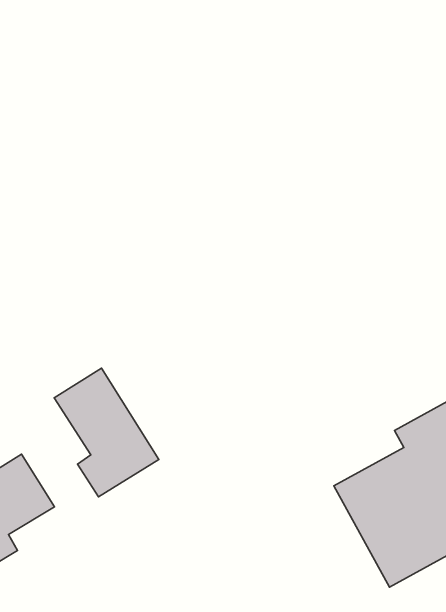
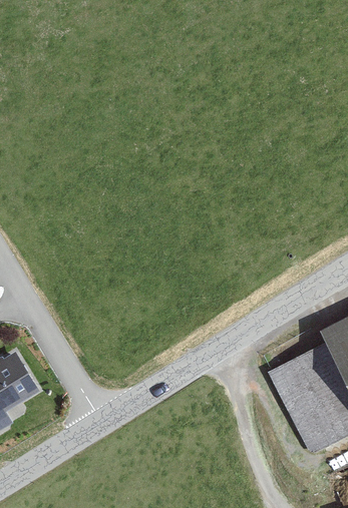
building: [54,368,159,497] -> none

